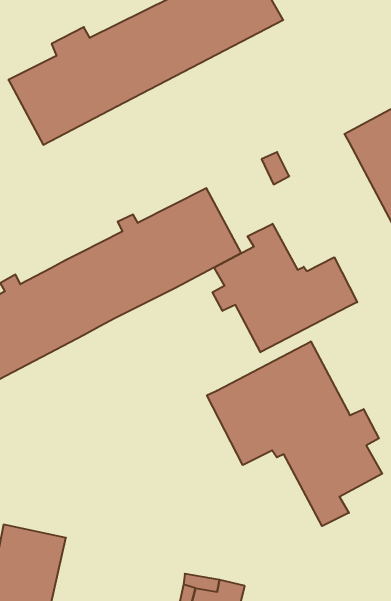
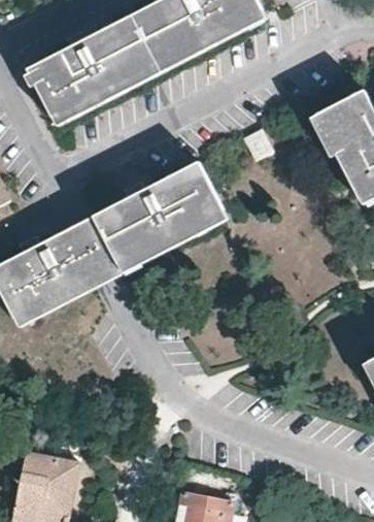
building: [213,224,357,352] -> none
building: [207,341,382,526] -> none

